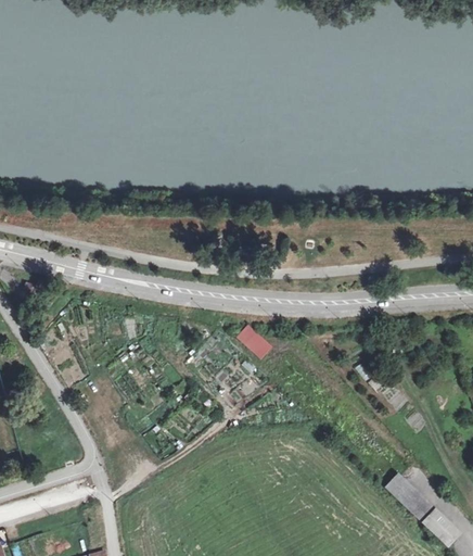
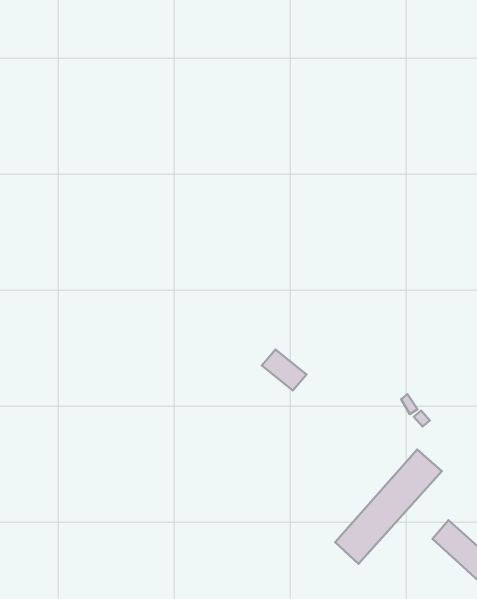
building: none -> [335,450,442,564]

